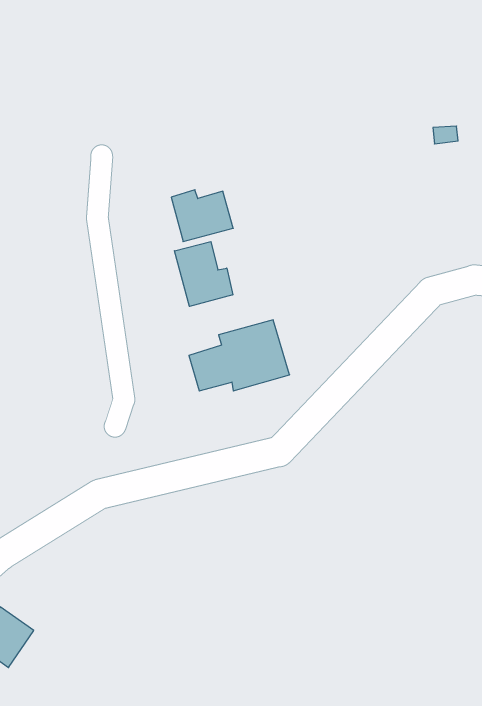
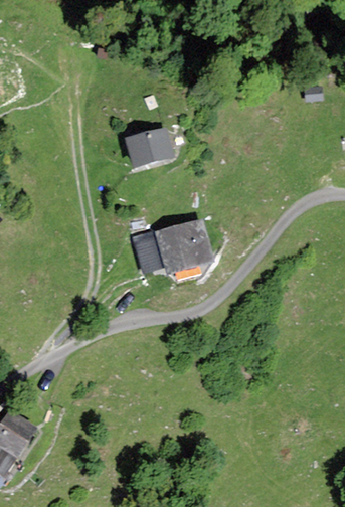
building: [174,242,233,306] -> none

